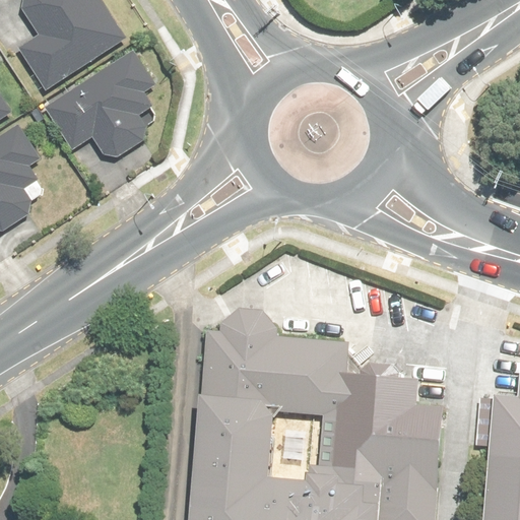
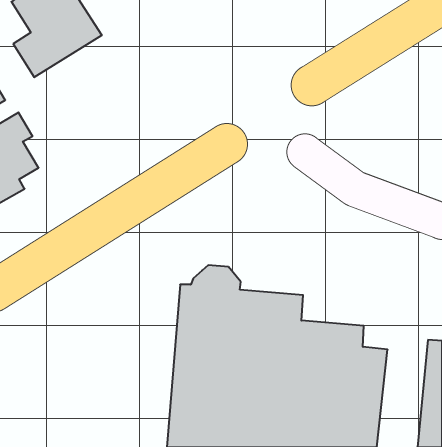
building: [42,55,150,166] -> none

